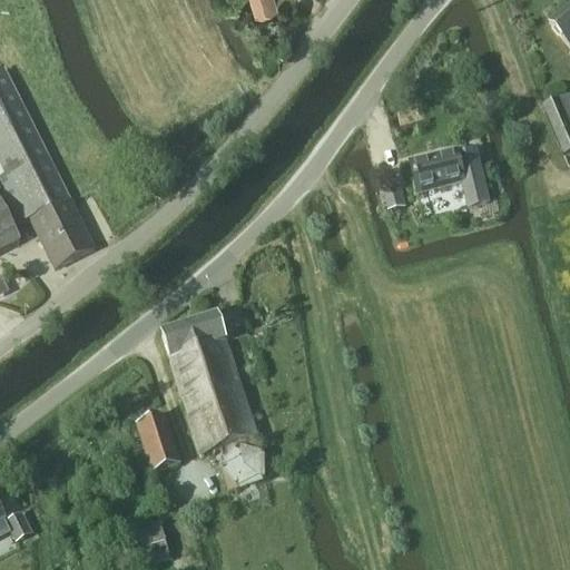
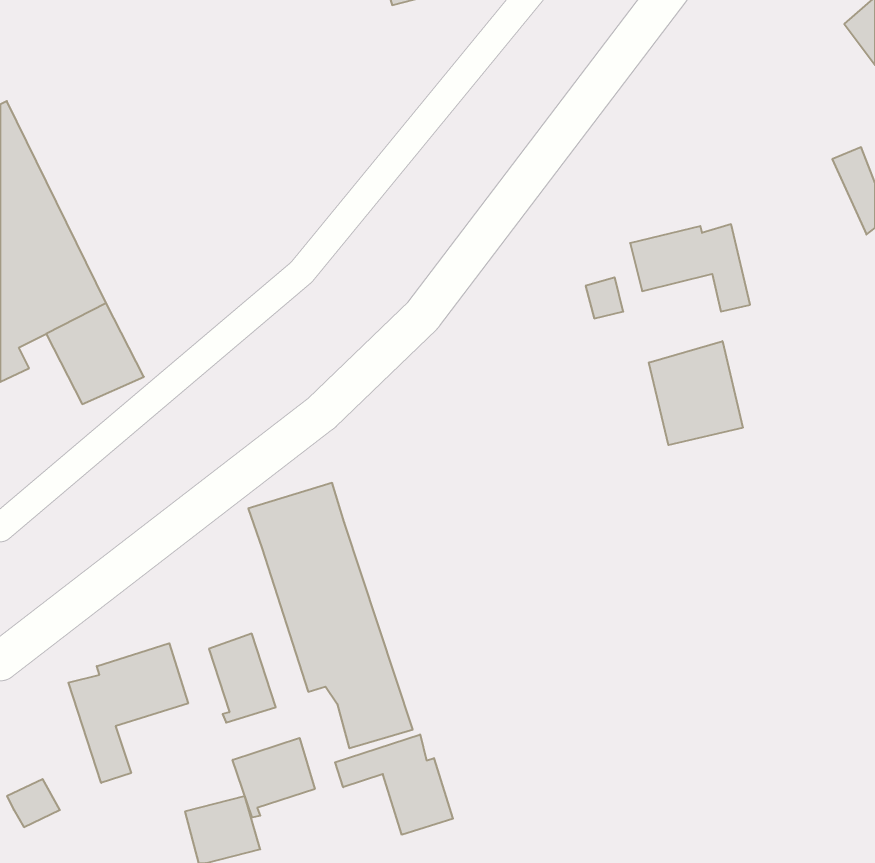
building: none -> [649,341,743,445]
building: none -> [68,643,188,783]
building: none -> [335,734,453,835]
building: none -> [233,738,315,818]

